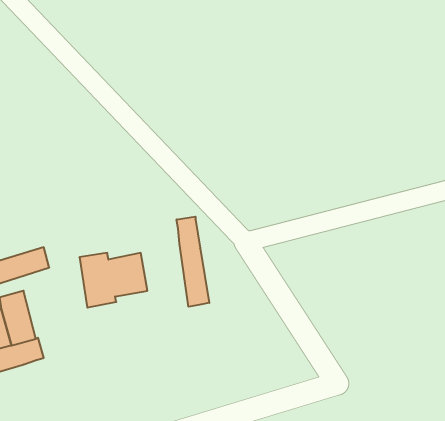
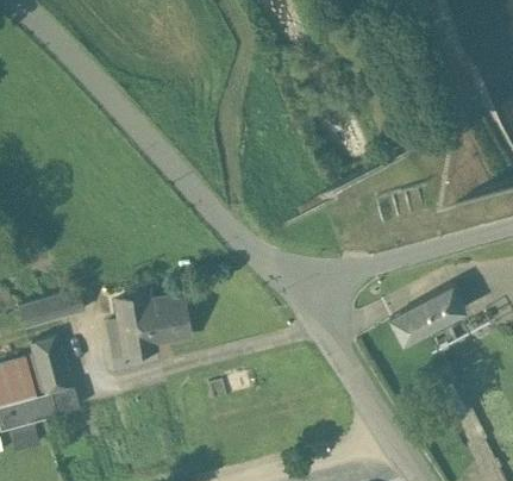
building: [177,217,209,307] -> none
building: none -> [388,286,465,344]

